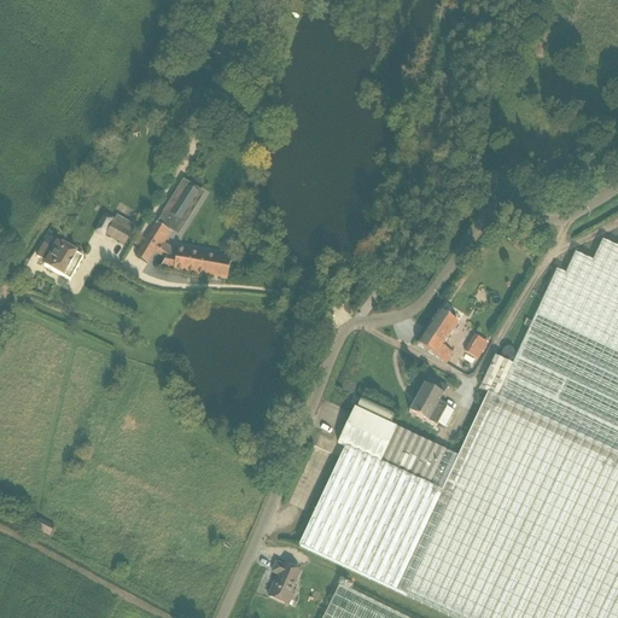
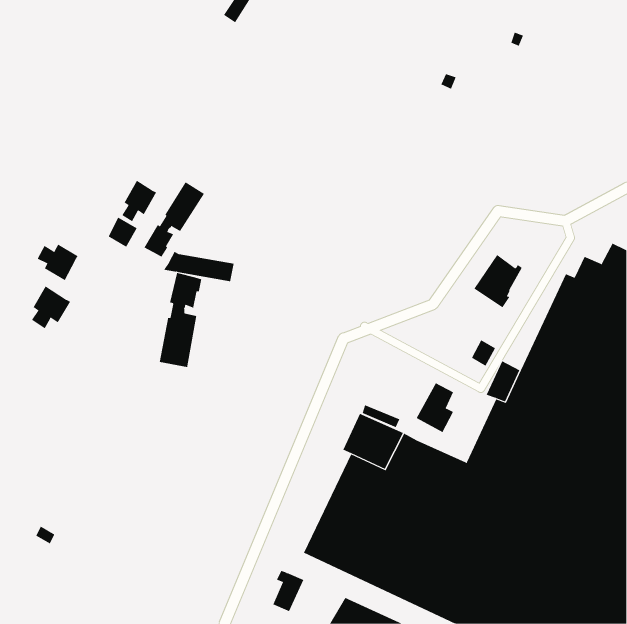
building: none -> [121,180,157,222]
building: none -> [159,272,202,368]
building: none -> [31,286,71,329]
building: [416,309,465,362] -> [473,254,523,308]

